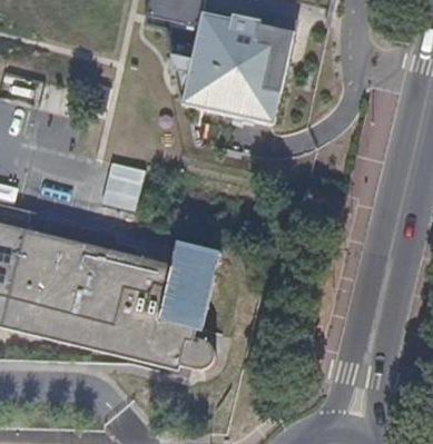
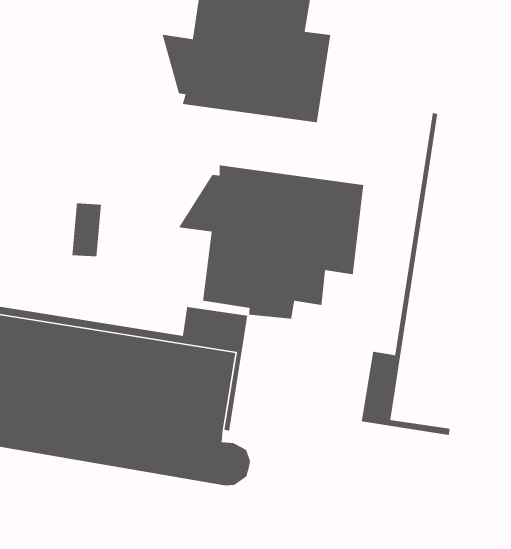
building: none -> [361,112,451,436]
building: none -> [178,165,364,320]

